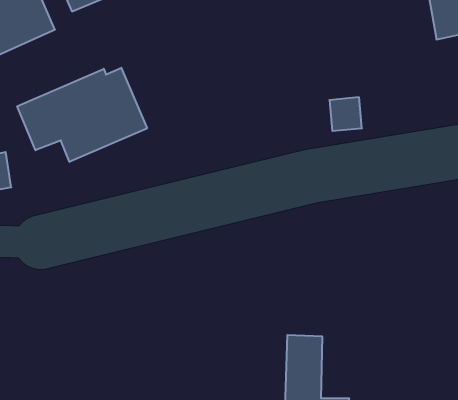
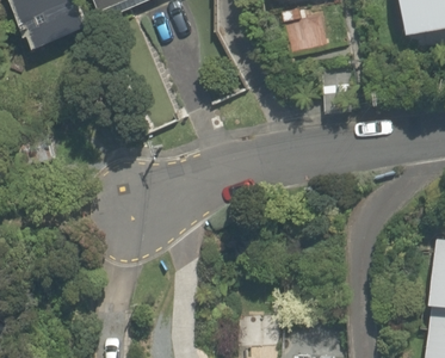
building: [17,68,147,162] -> none

